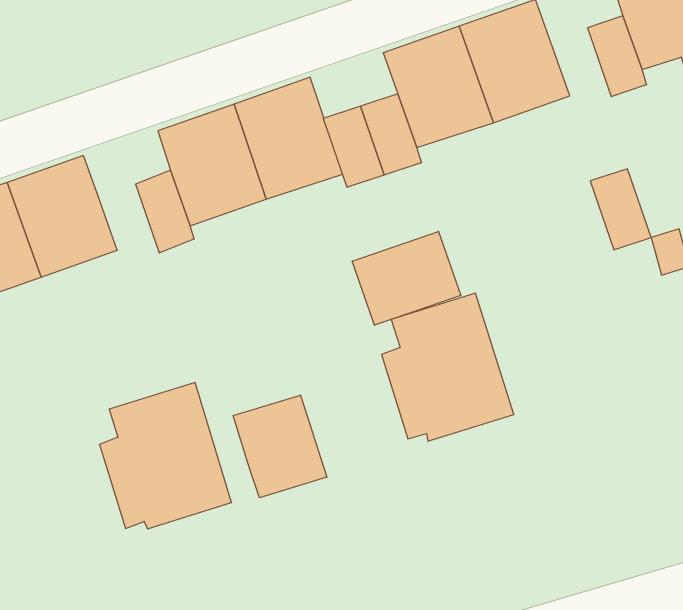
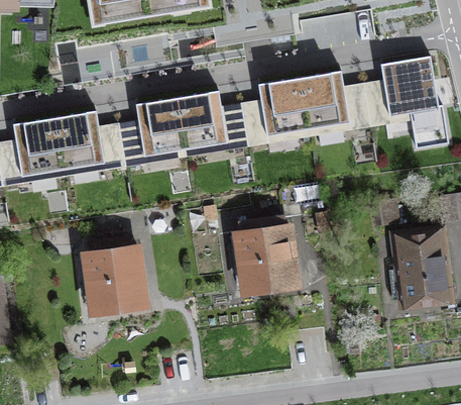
building: [590,169,651,250] -> [345,89,371,129]
building: none -> [100,129,126,170]
building: [352,231,461,325] -> none
building: [233,395,327,498] -> none

